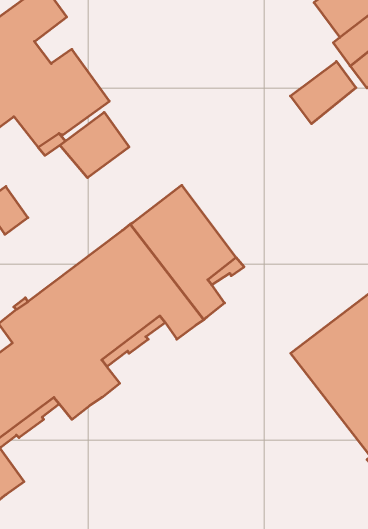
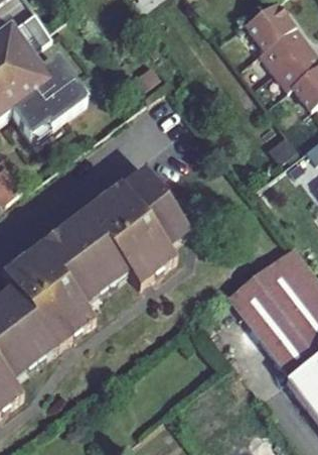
building: [290,61,356,124] -> none
building: [60,112,129,178] -> none

